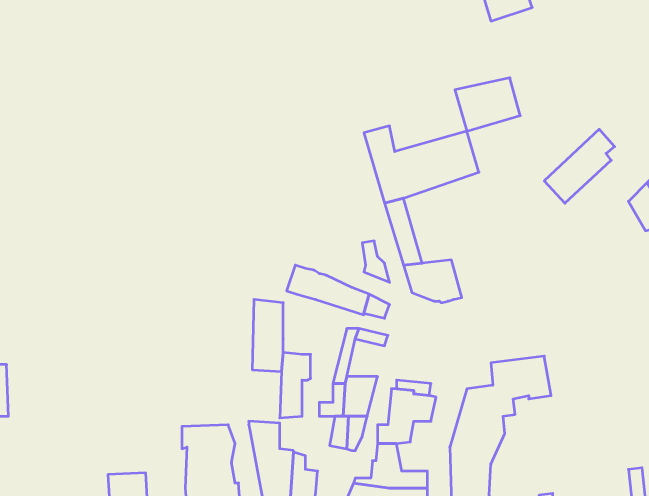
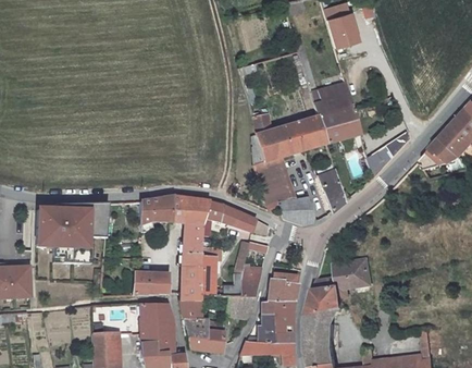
building: none -> [319,106,360,142]
building: none -> [319,164,345,210]
building: none -> [140,195,210,224]
building: none -> [34,201,107,262]
building: none -> [181,267,201,300]
building: none -> [134,272,167,294]
building: none -> [274,299,296,331]

